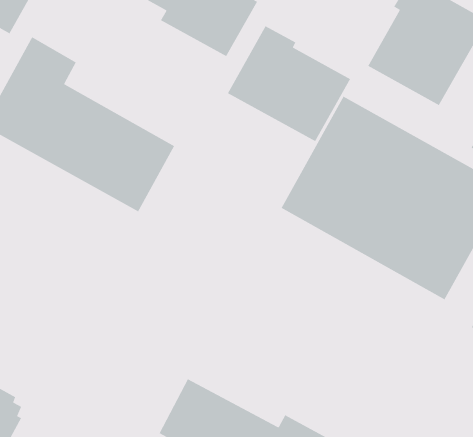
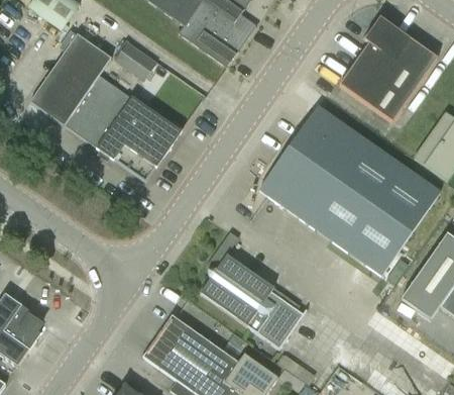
building: [227,25,351,142] -> none
building: none -> [115,40,157,81]
building: none -> [201,249,302,347]

